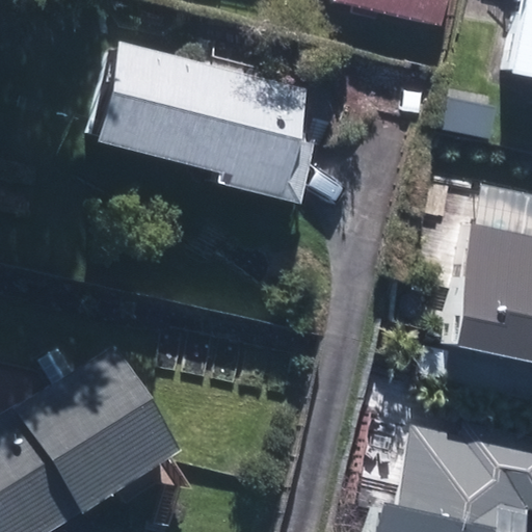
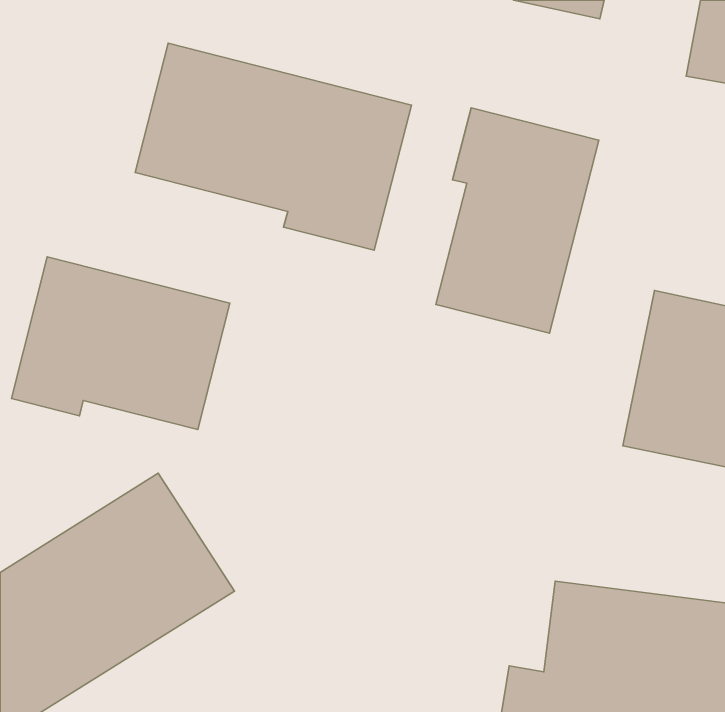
building: none -> [436,108,599,333]
building: none -> [11,257,230,429]

